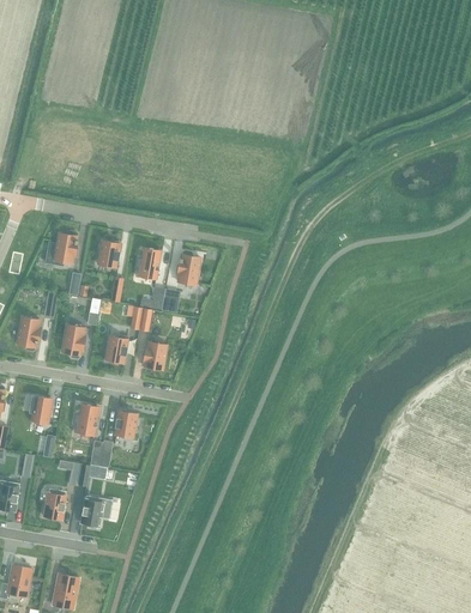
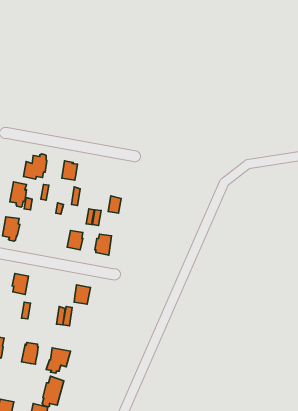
building: [135,248,159,279] -> none
building: [177,251,200,285] -> none
building: [62,324,85,359] -> [10,182,27,207]
building: [73,403,98,436] -> none
building: none -> [42,376,64,407]

